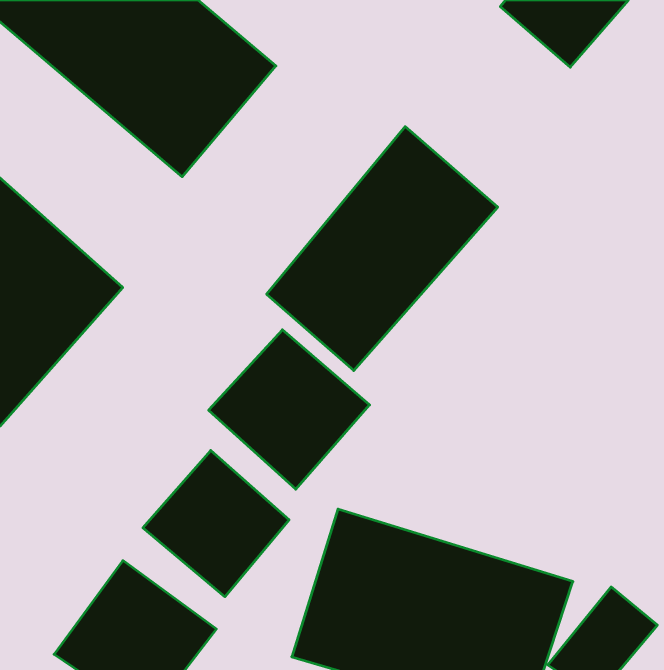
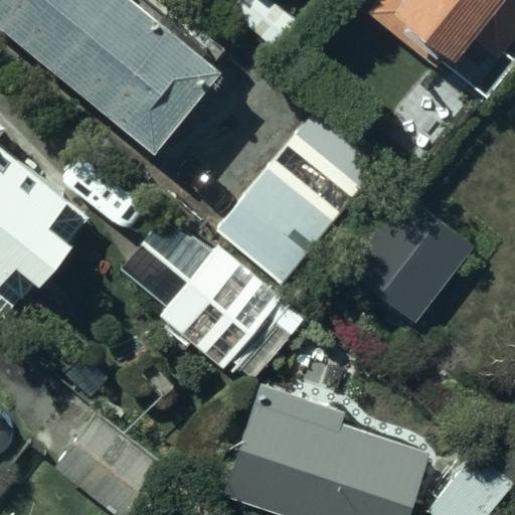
building: none -> [341,199,474,333]
building: [143,450,289,597] -> none

